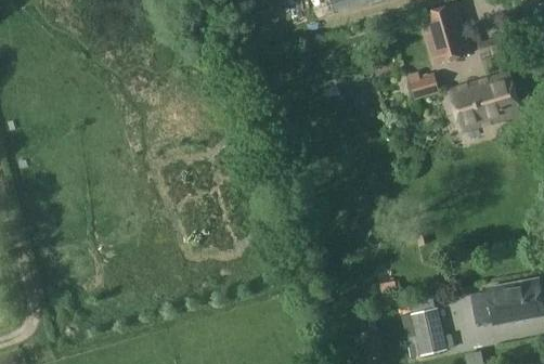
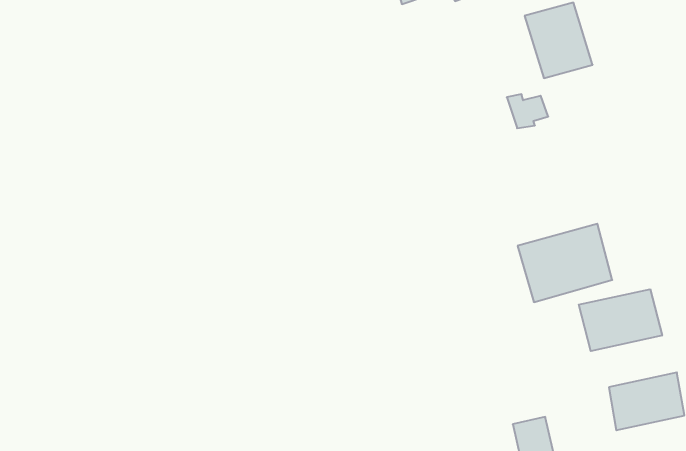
building: [448,75,517,132] -> [518,224,612,302]
building: none -> [579,289,662,351]

